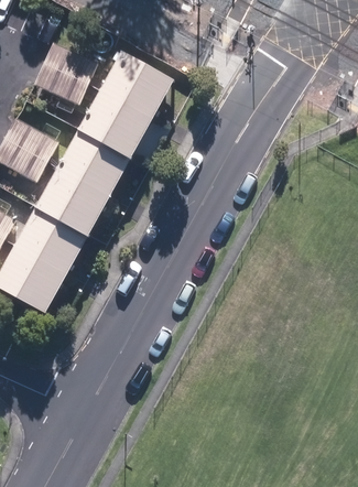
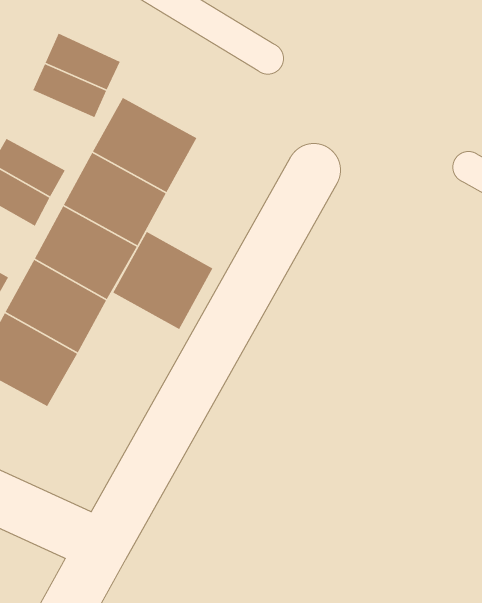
building: [98,51,173,119] -> none
building: none -> [112,231,214,330]

